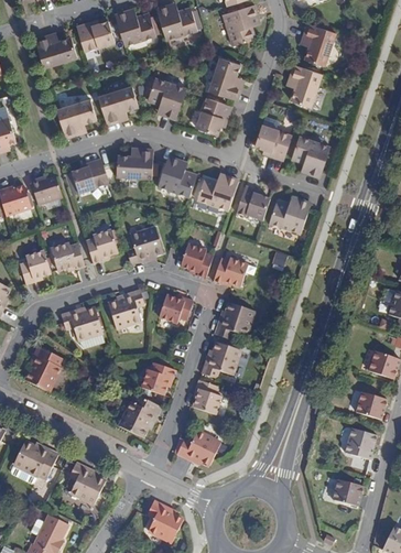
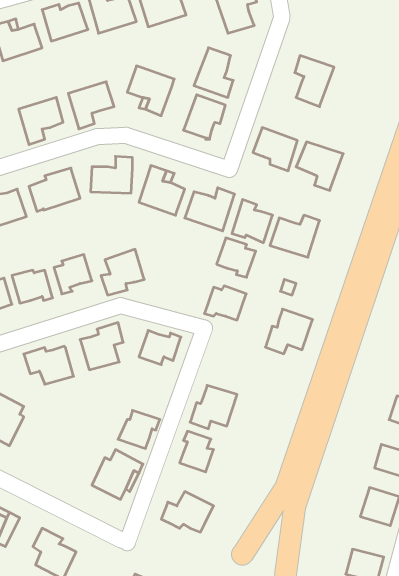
building: [302,23,335,65] -> none
building: [180,245,213,278] -> [217,238,256,277]
building: [214,302,253,339] -> [265,309,313,354]

